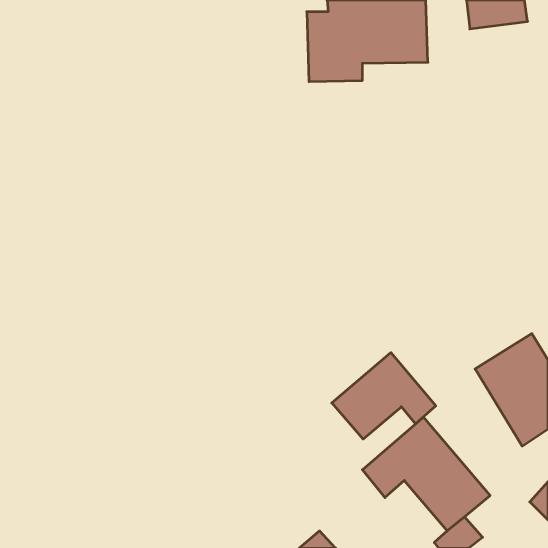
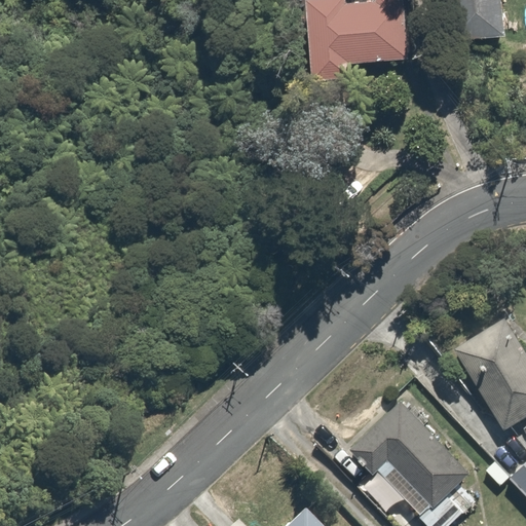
building: [332,353,436,439] -> none

